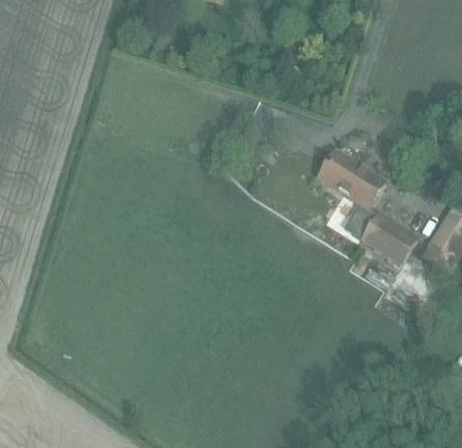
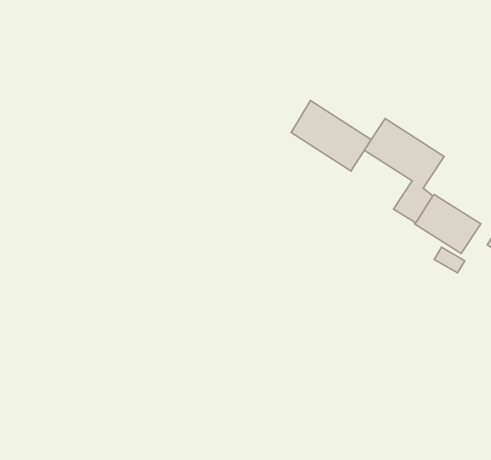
building: none -> [291,101,371,171]

